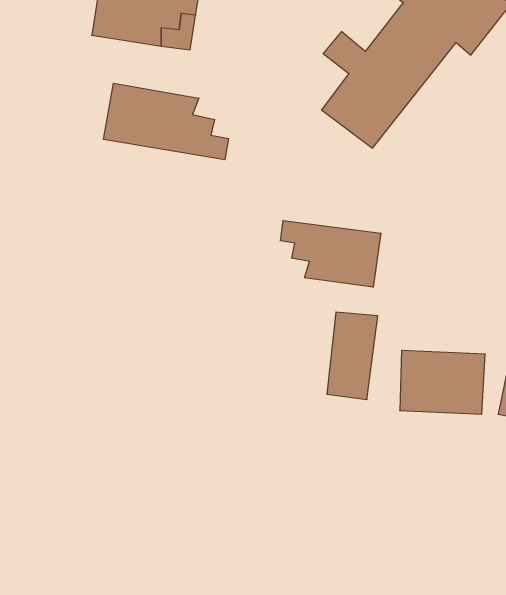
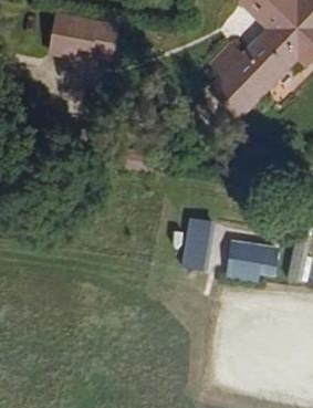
building: [103,83,229,160] -> none
building: [281,220,381,287] -> none

